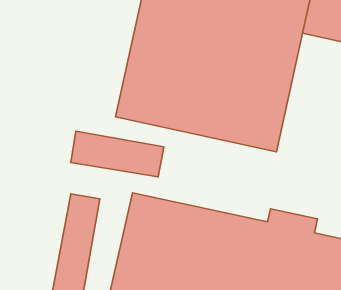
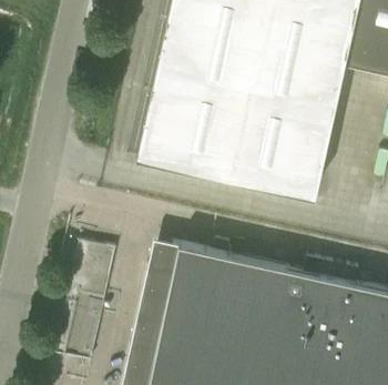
building: [71,131,164,177] -> none

